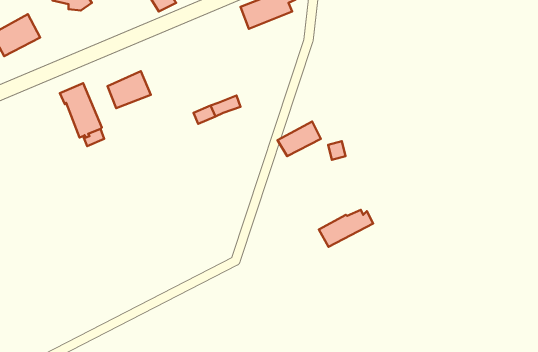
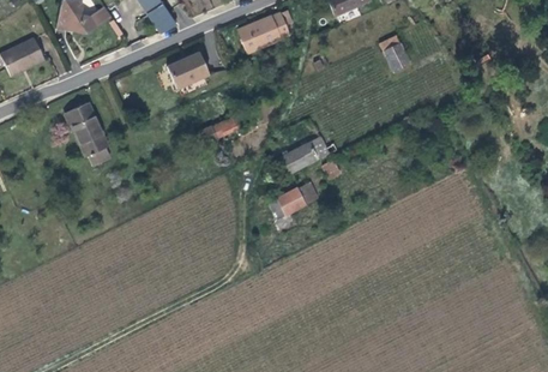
building: none -> [380,36,410,71]
building: [107,71,151,108] -> [167,53,209,89]
building: [319,210,373,247] -> [270,181,323,217]

